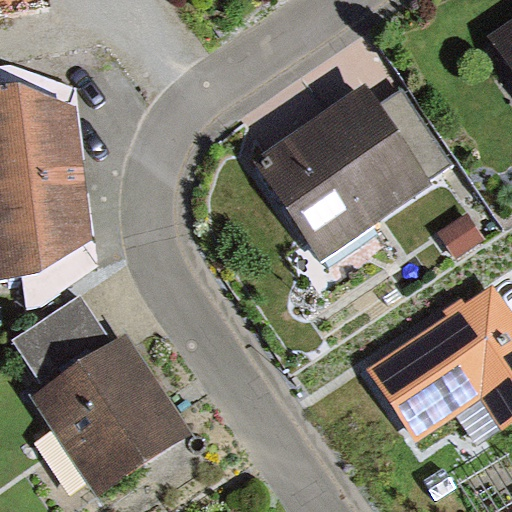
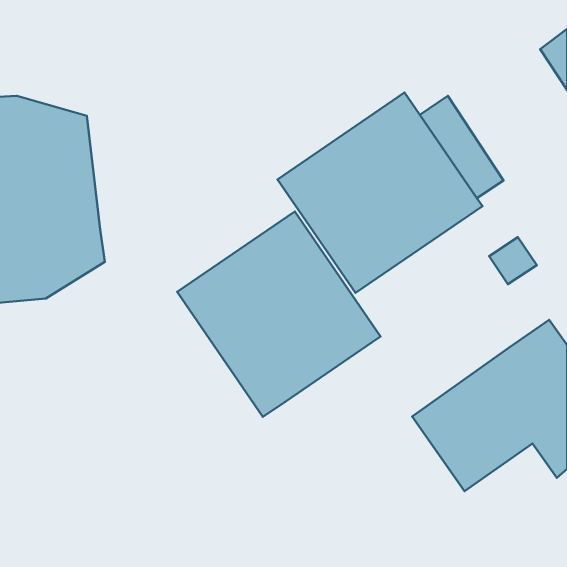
building: none -> [177,212,380,417]
building: [10,297,194,497] -> none

